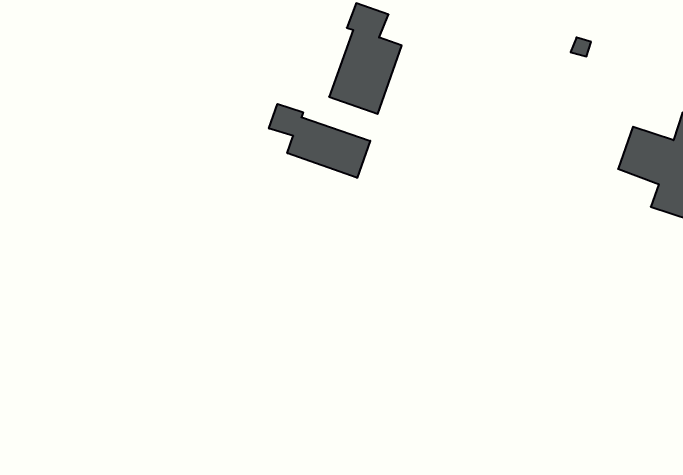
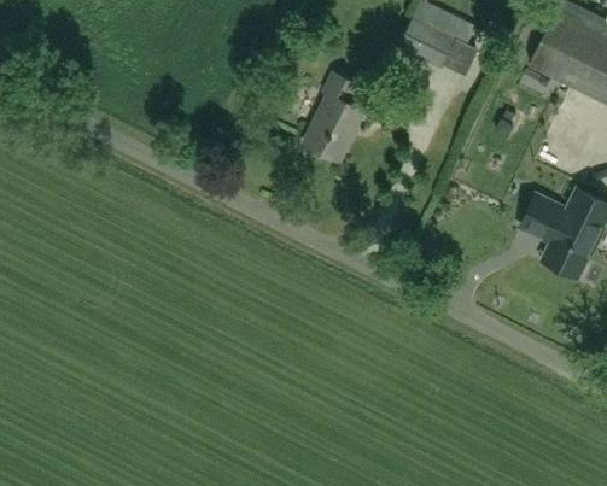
building: [269,104,370,178] -> none

